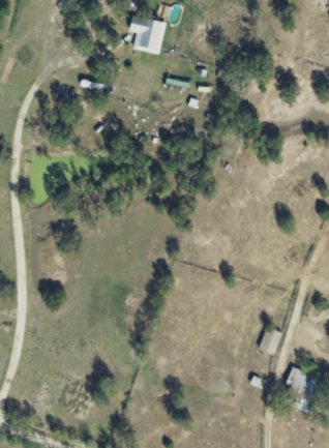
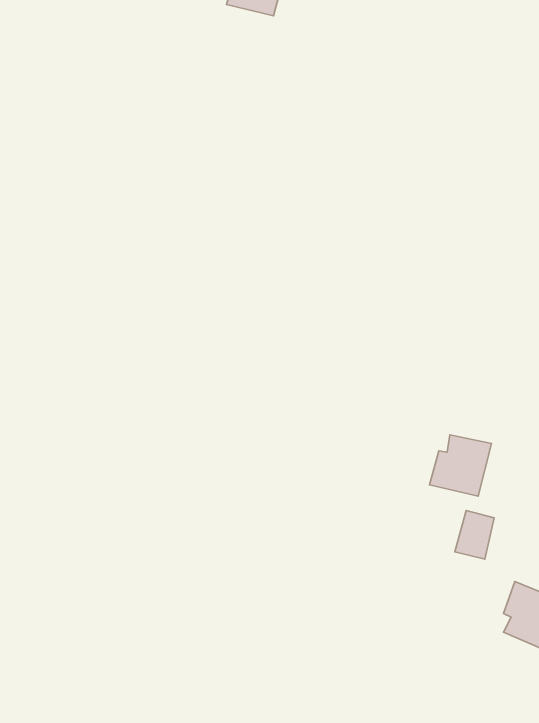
building: none -> [429,435,491,496]

